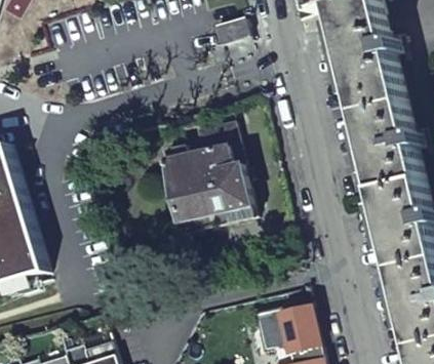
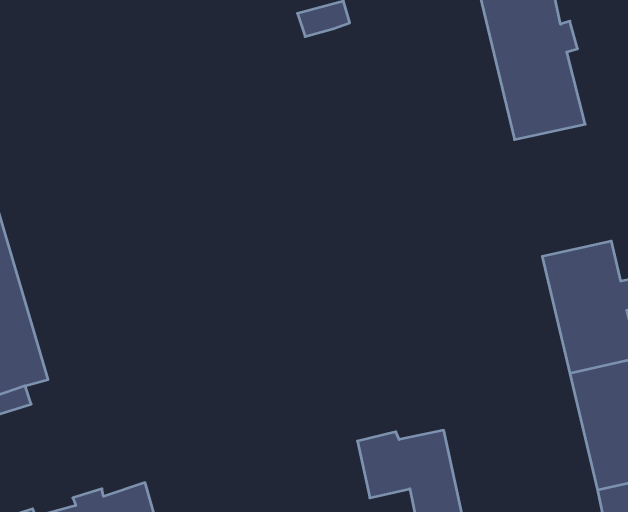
building: [356,103,421,191] -> none
building: [162,122,253,235] -> none

